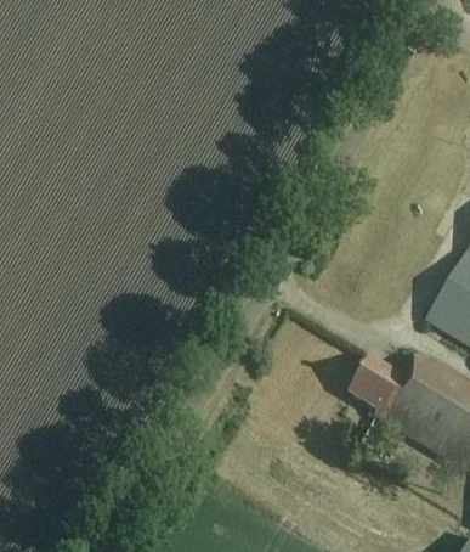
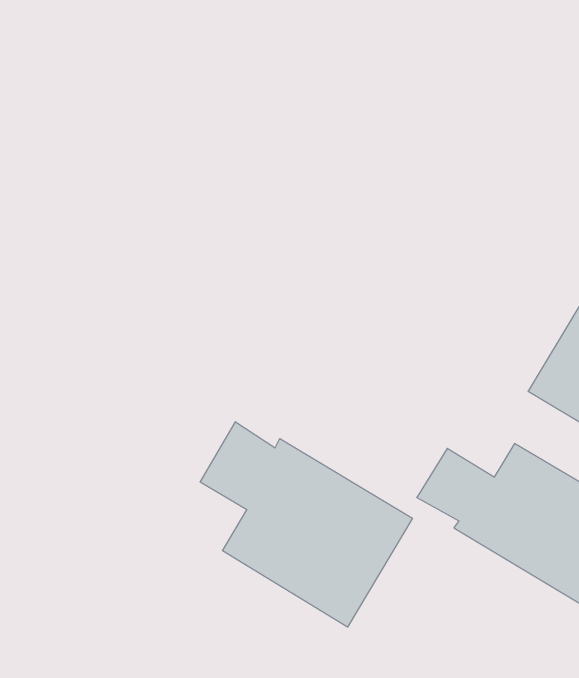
building: none -> [200,422,412,627]

